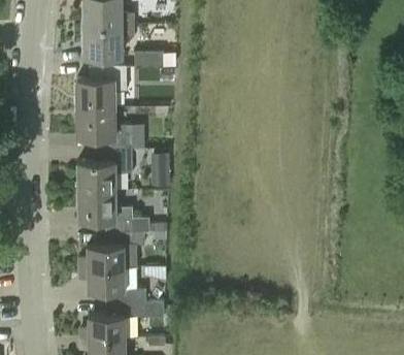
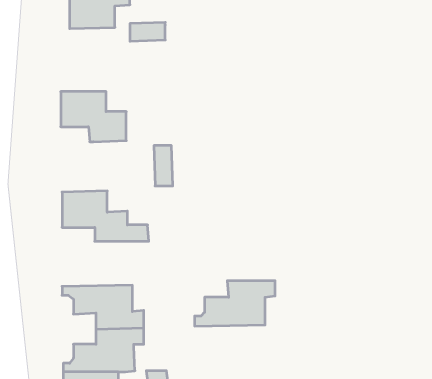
building: [76,66,126,108] -> none
building: [77,149,132,191] -> none
building: [78,231,144,268] -> [195,281,275,326]

